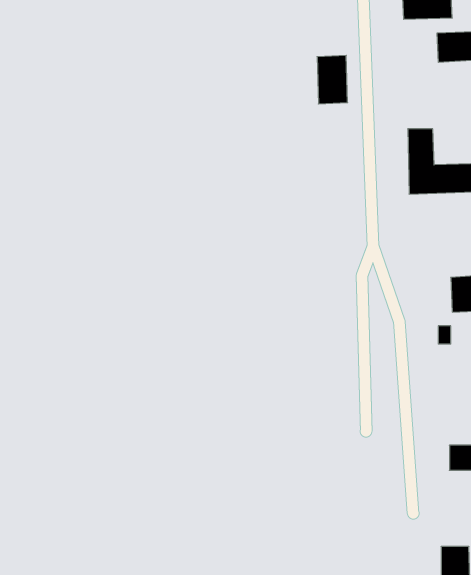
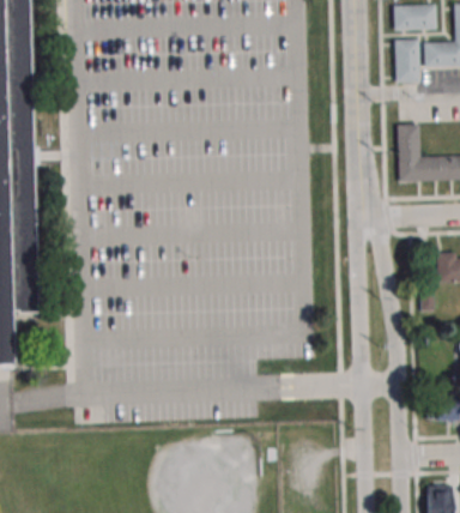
building: [317,55,348,104] -> [394,41,420,83]

